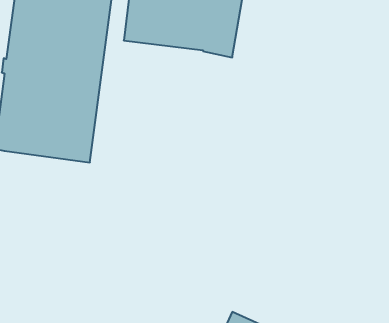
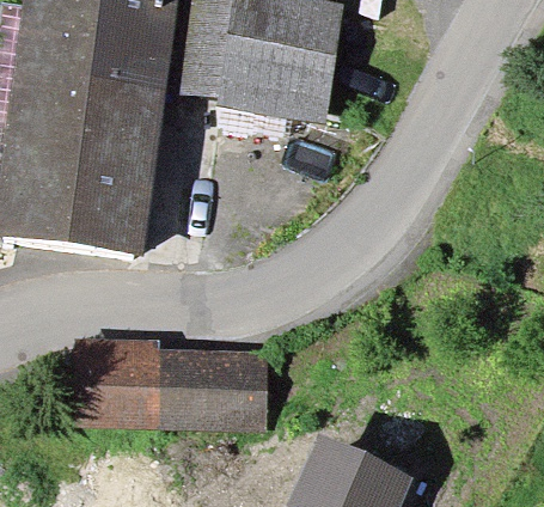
building: none -> [77,361,265,419]

